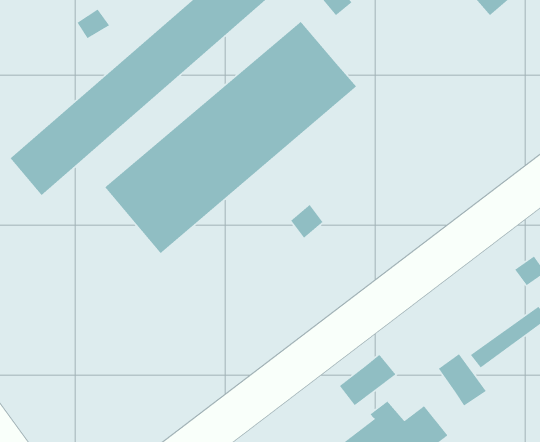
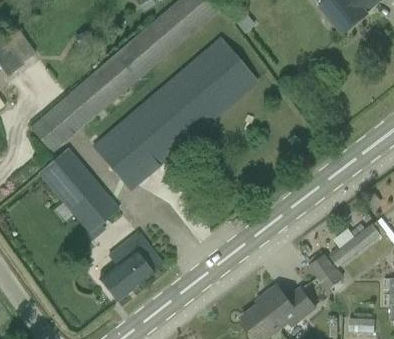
building: none -> [38,147,119,234]
building: none -> [99,232,163,301]
building: [339,354,397,406] -> none

